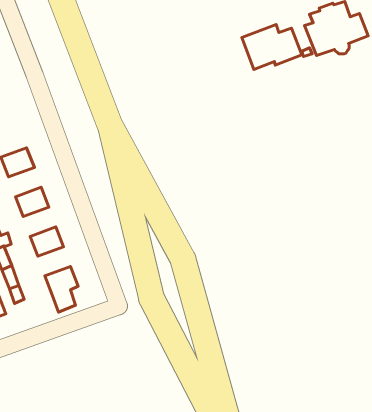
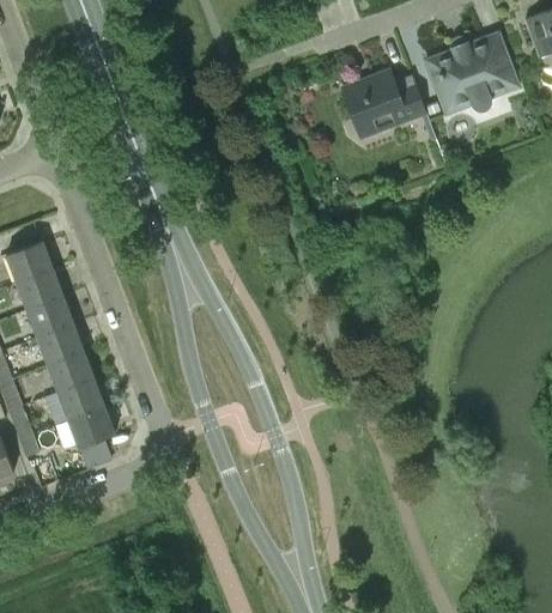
building: none -> [17,269,62,310]
building: none -> [30,324,83,370]
building: none -> [57,380,103,420]

